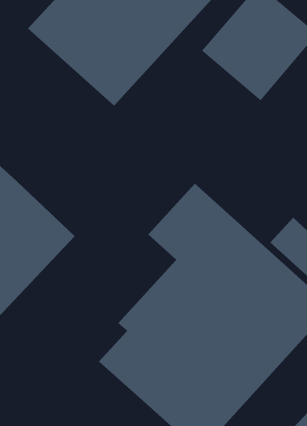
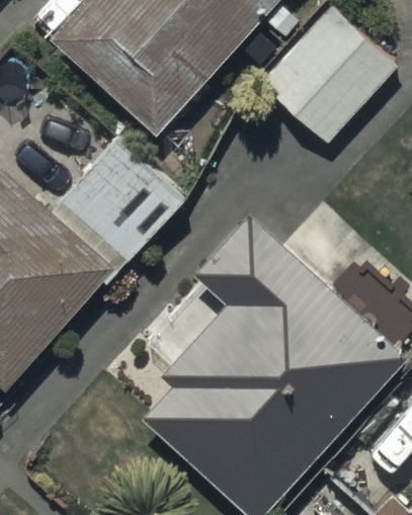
building: none -> [45,144,181,280]

